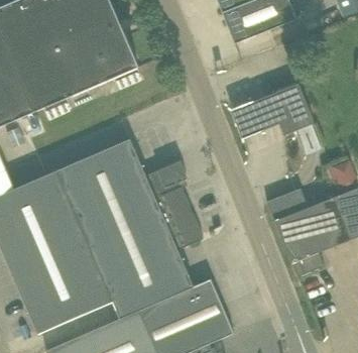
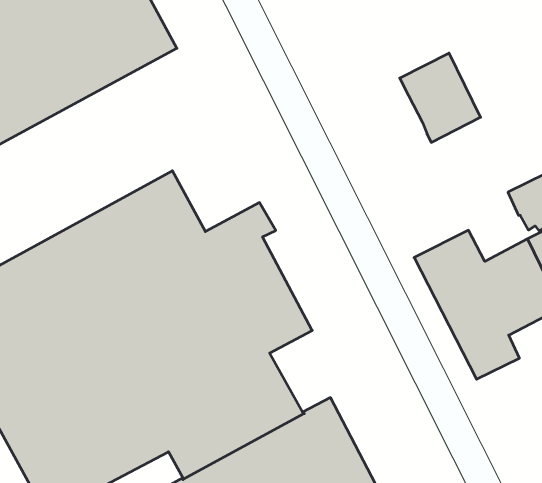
building: [234,100,280,143] -> none

